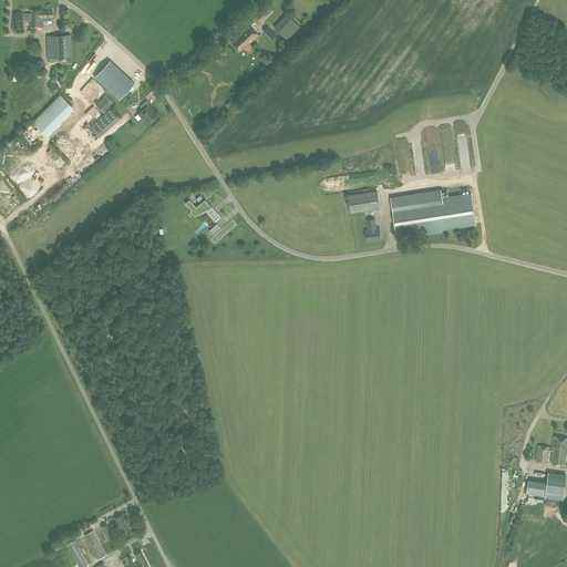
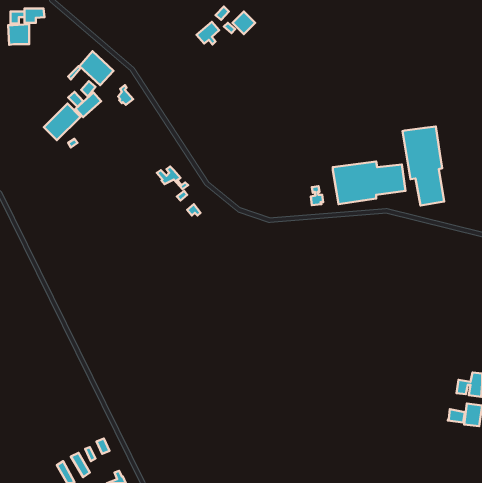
building: [45,34,70,59] -> [8,24,29,45]
building: [31,94,74,137] -> [44,103,81,140]
building: none -> [402,126,444,205]
building: [347,190,379,213] -> none

